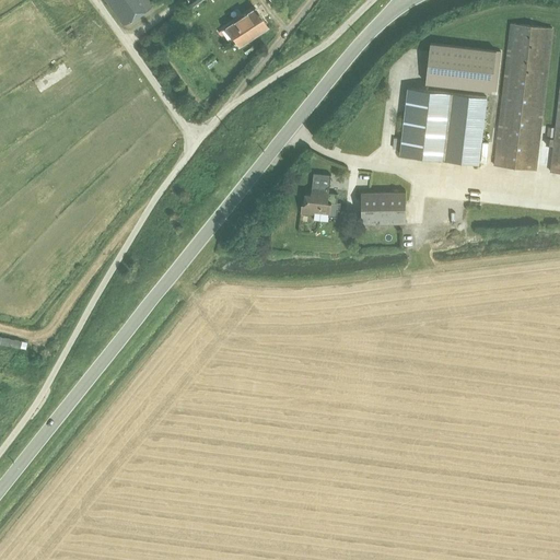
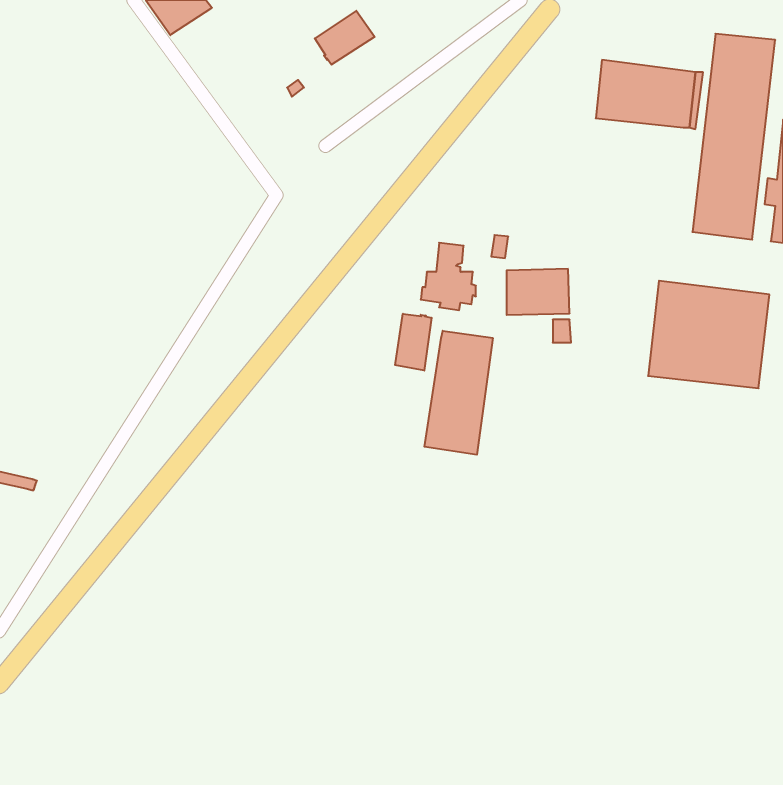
building: [399,88,486,164] -> [648,281,769,388]
building: none -> [395,314,432,371]
building: none -> [424,331,493,455]

